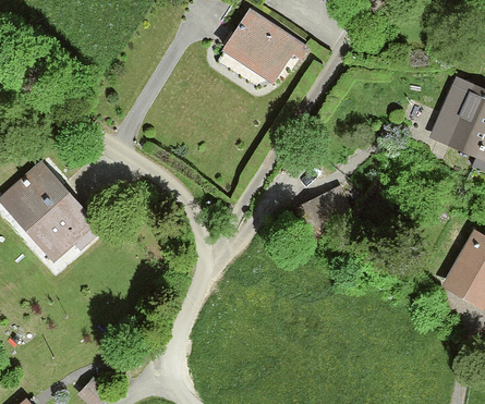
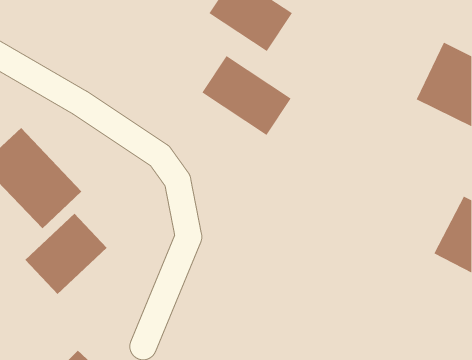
building: none -> [201,55,292,136]
building: none -> [25,213,107,295]

